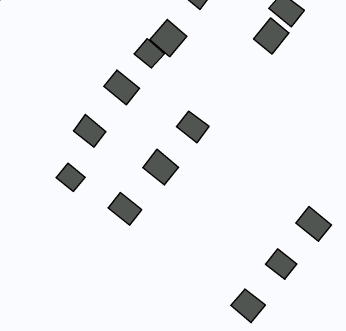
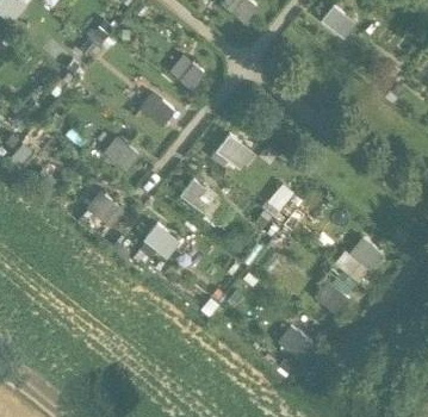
building: [254,18,289,54] -> none
building: [150,19,187,57] -> none

